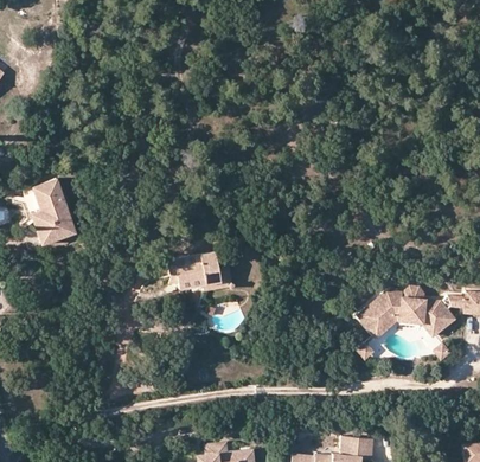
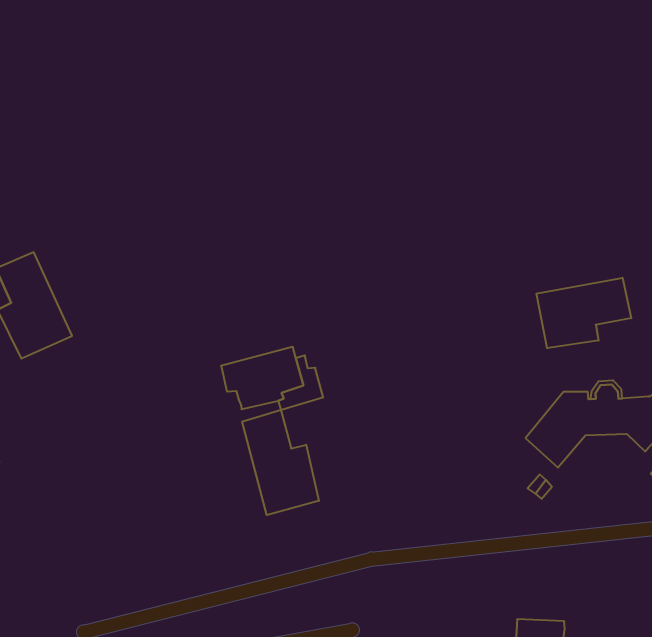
building: none -> [536,278,631,348]
building: none -> [242,410,319,515]

